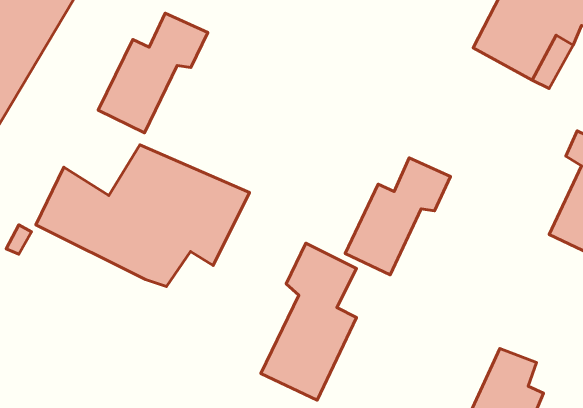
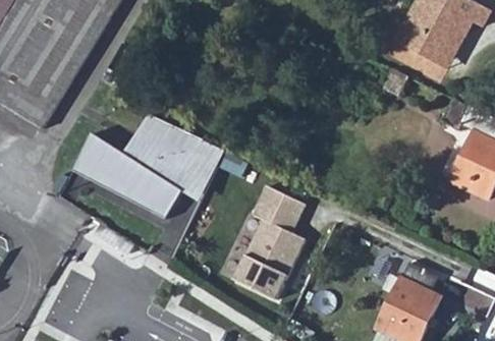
building: [98,13,208,133] -> none
building: [345,158,451,275] -> none

